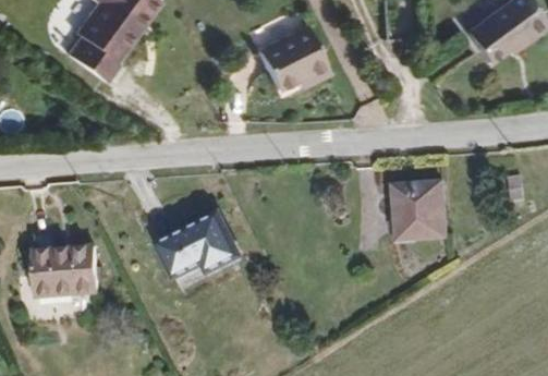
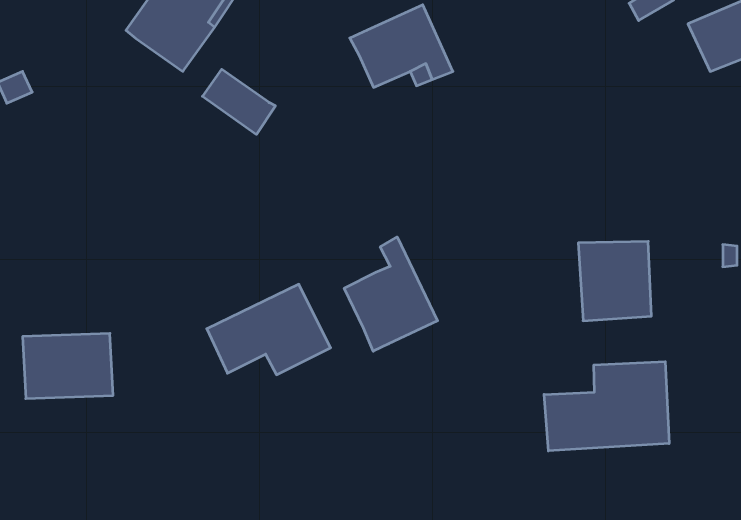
building: [85,41,135,86] -> [202,69,275,134]
building: none -> [344,237,438,351]
building: none -> [544,362,669,451]

